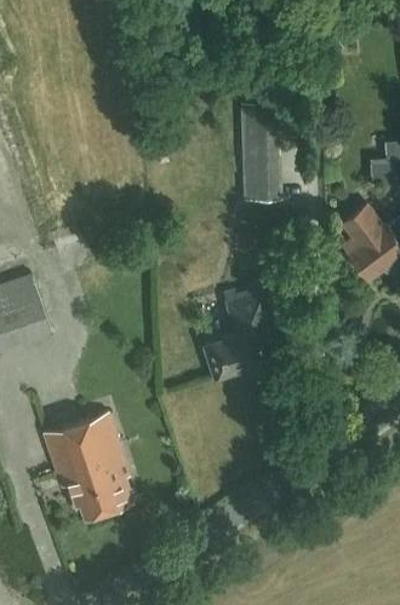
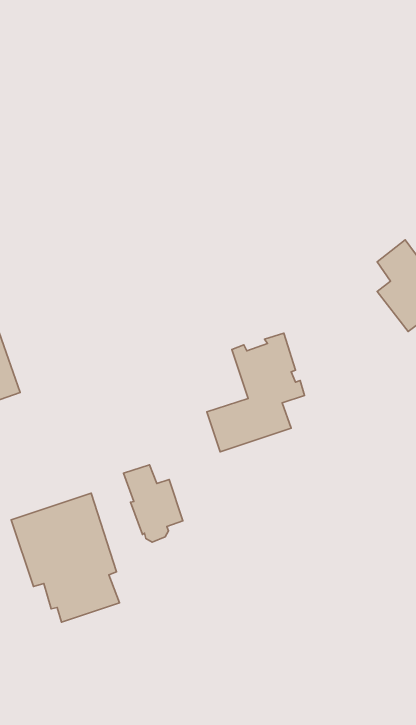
building: [241,102,279,200] -> none
building: none -> [124,465,183,542]

